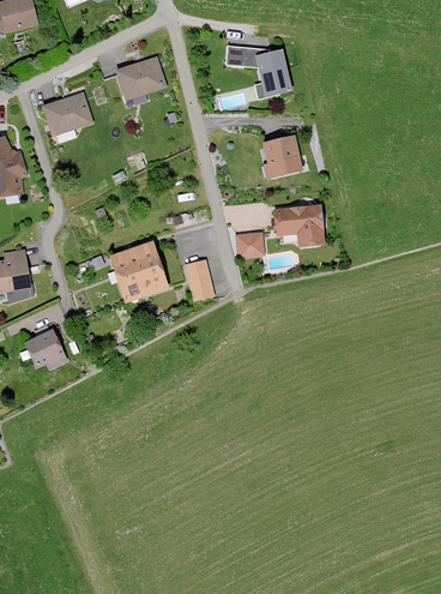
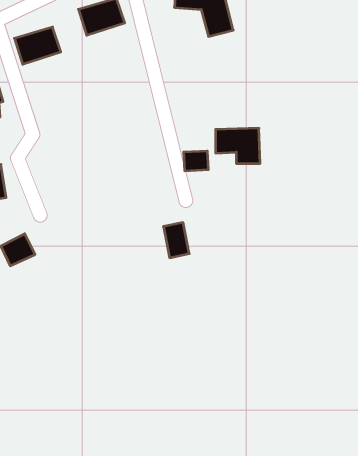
building: [259,134,306,181] -> none
building: [108,241,170,305] -> none
building: [185,258,215,299] -> [163,223,189,258]

